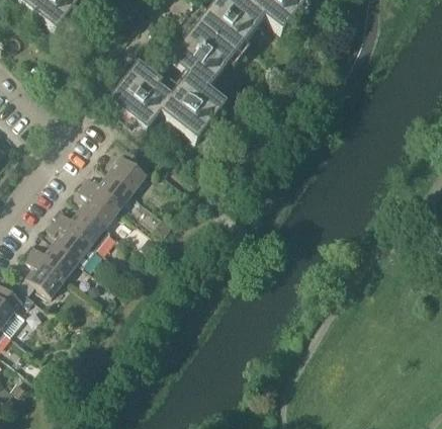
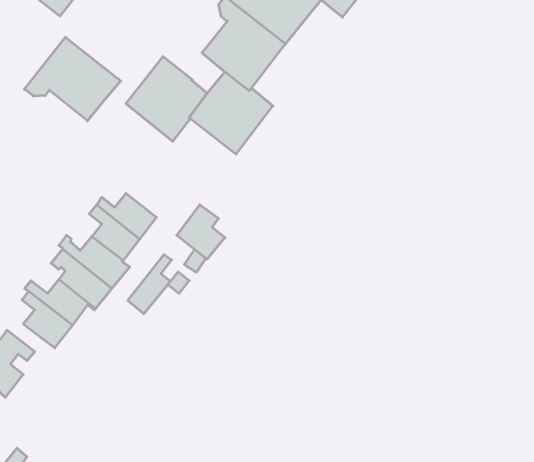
building: none -> [24,37,121,121]
building: [106,150,145,193] -> [177,205,225,259]
building: none -> [128,255,172,314]

